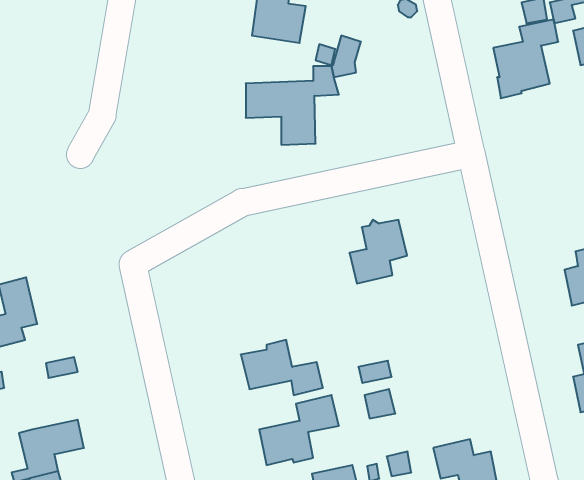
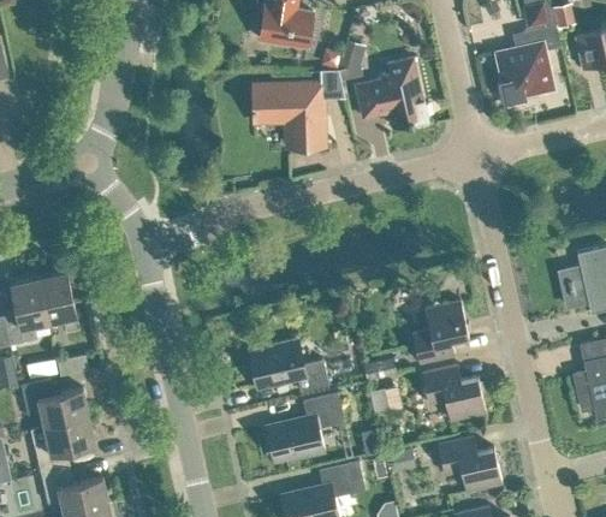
building: none -> [354,57,426,126]
building: [349,220,407,284] -> [411,301,468,363]
building: none -> [37,271,78,332]
building: none -> [421,366,485,420]
building: none -> [20,378,88,426]

